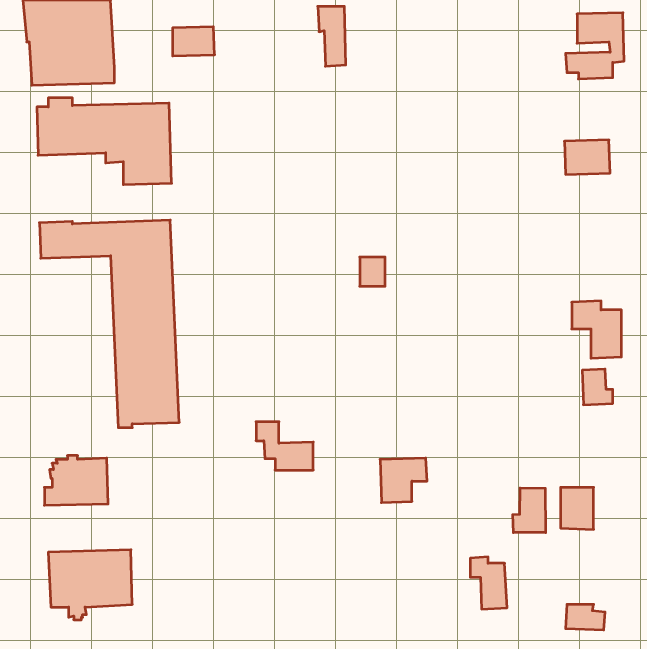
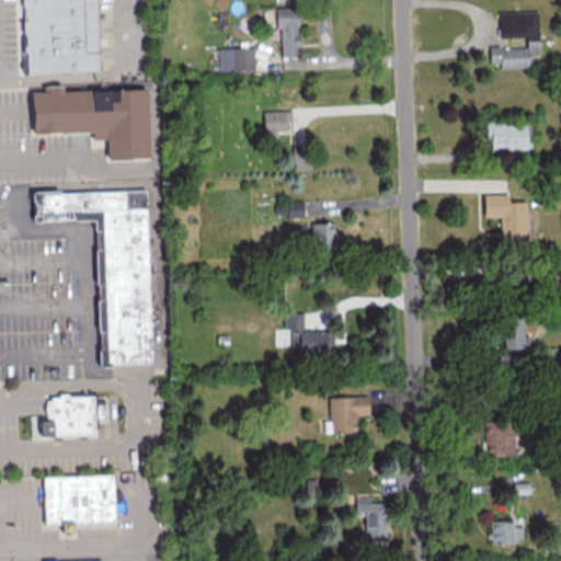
building: [173,27,215,56] -> [219,47,255,72]
building: none -> [264,111,293,138]
building: [572,301,621,358] -> [484,193,527,242]
building: [256,422,313,470] -> [285,313,334,355]
building: [513,488,546,533] -> none
building: [470,557,507,609] -> [356,497,388,542]

